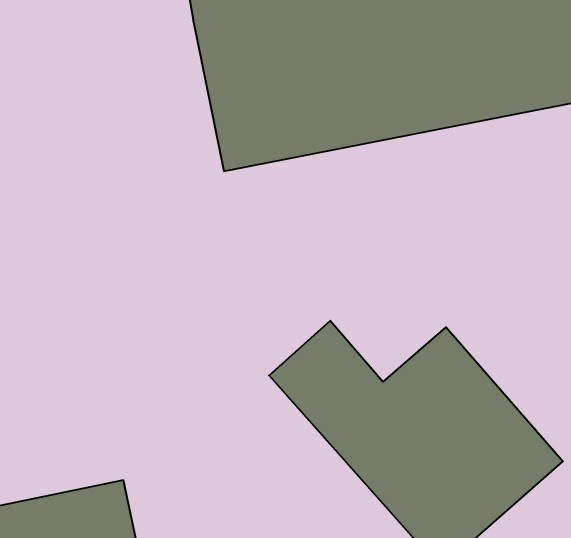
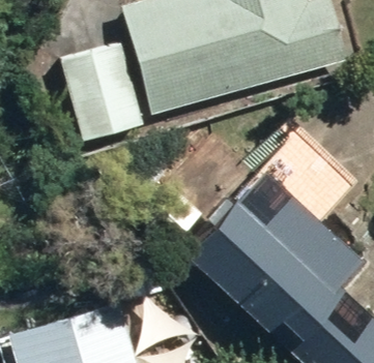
building: none -> [62,38,154,141]

